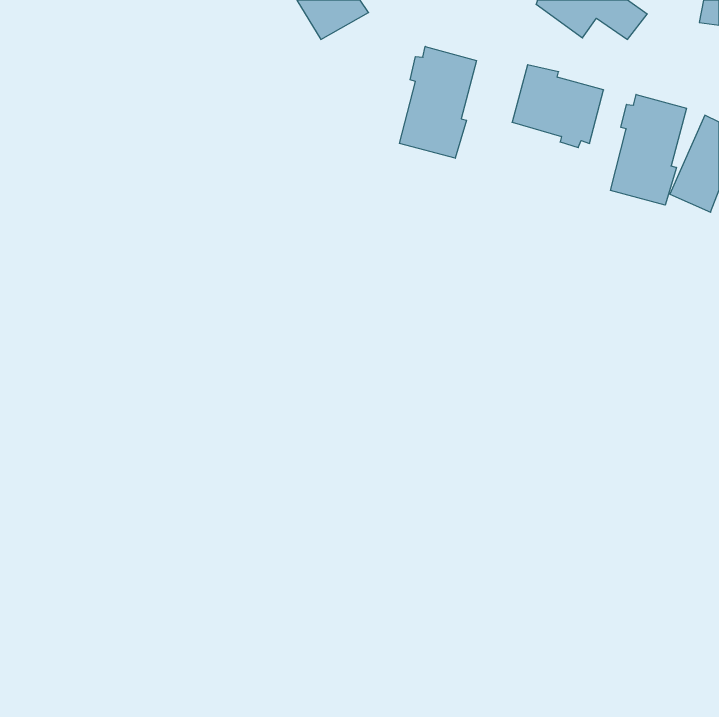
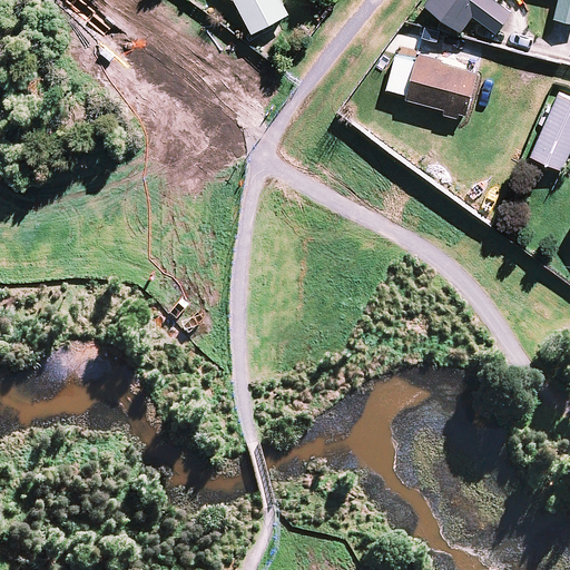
building: [400,46,477,158] -> none
building: [611,94,686,205] -> none

